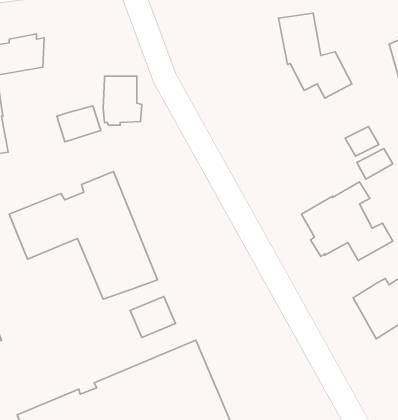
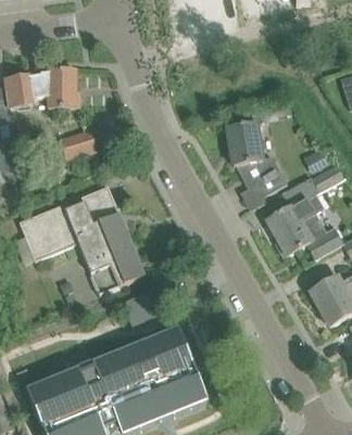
building: [278,13,352,98] -> [226,121,288,193]
building: [103,76,142,125] -> [48,69,80,111]

